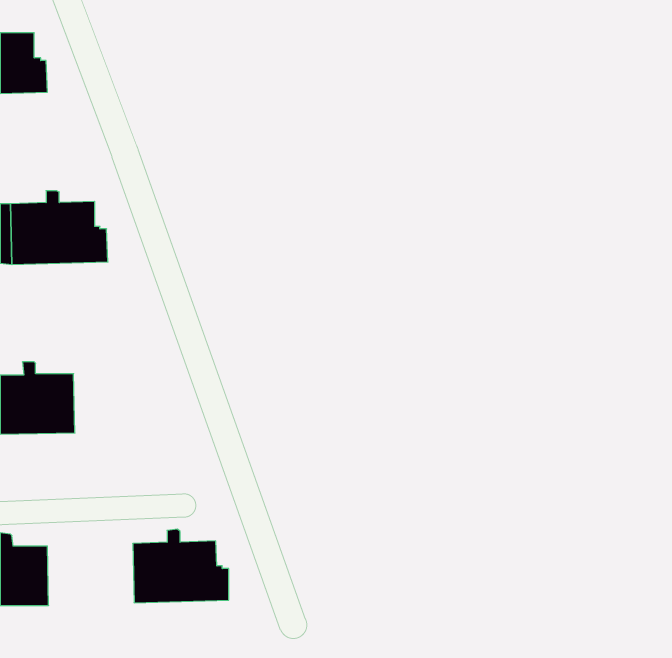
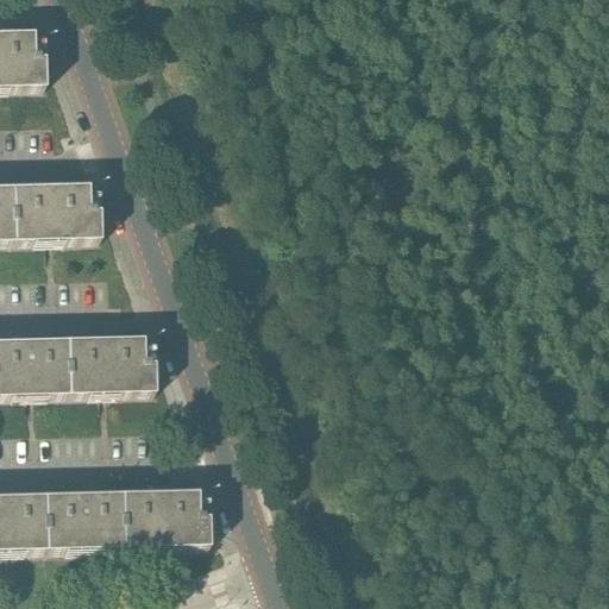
building: none -> [67,325,152,391]
building: none -> [43,481,121,547]

